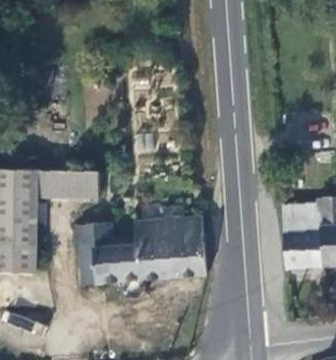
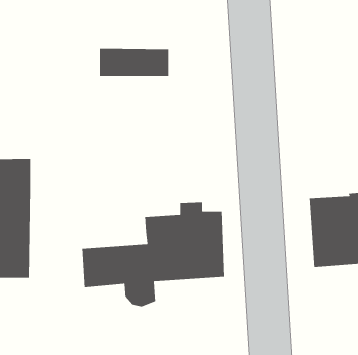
building: [39,170,100,195] -> [99,48,169,77]
building: [80,221,139,248] -> none

